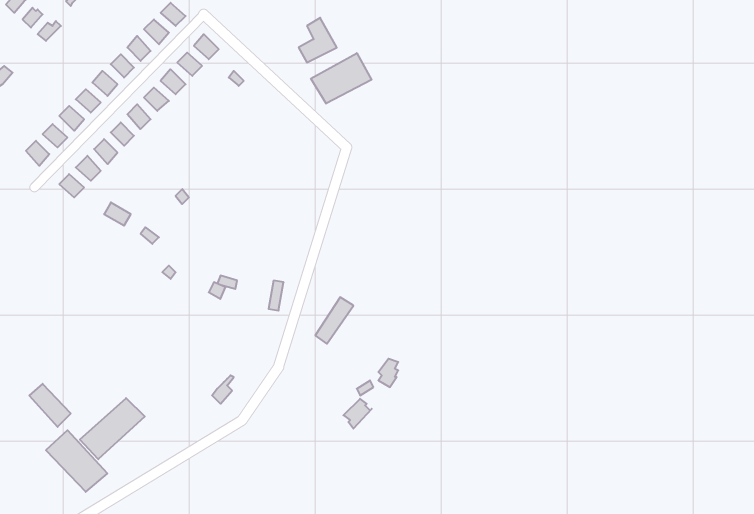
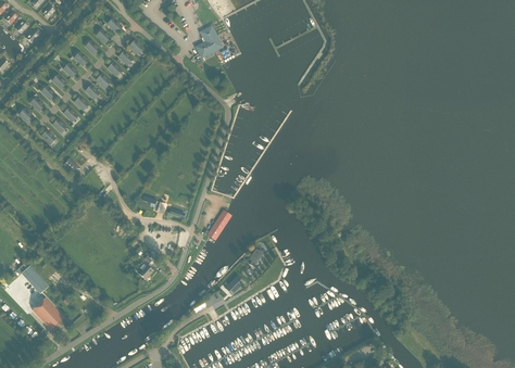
building: [311,53,372,104] -> none
building: [80,398,145,459] -> none

